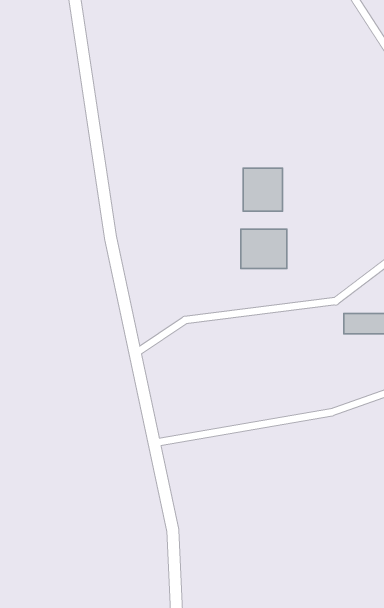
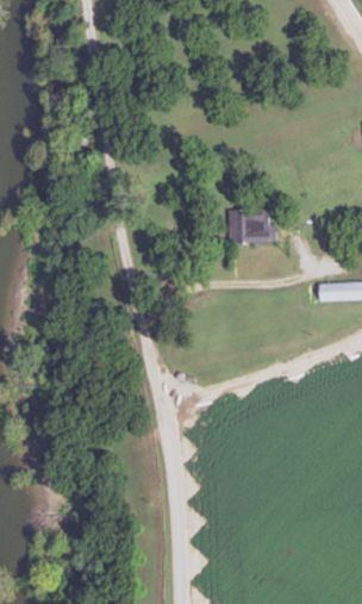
building: [243,168,283,211] -> none

